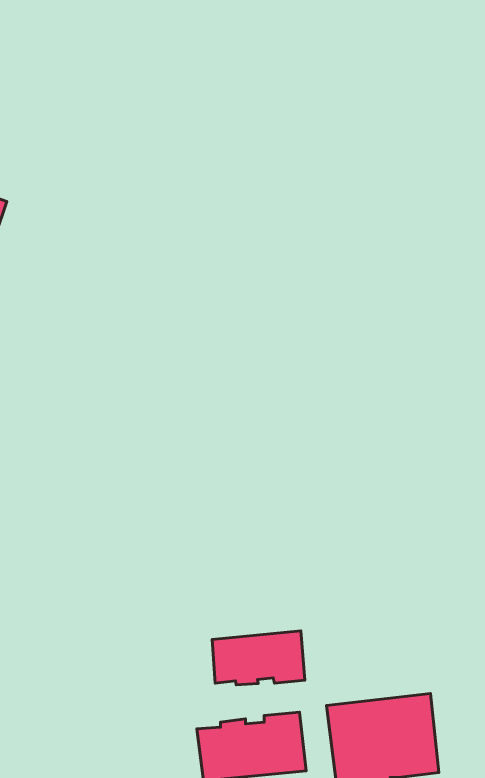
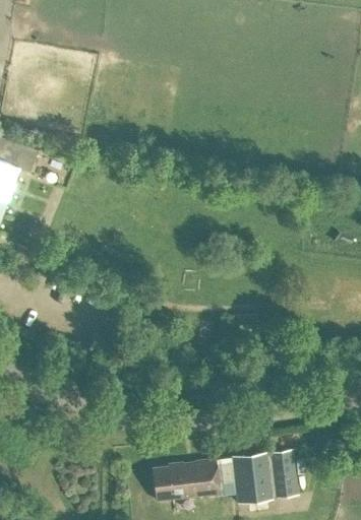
building: [212,631,305,685] -> none

